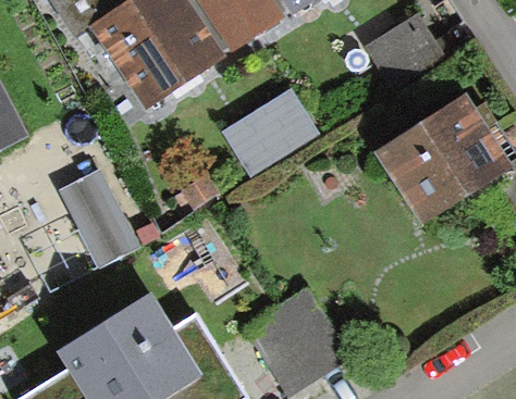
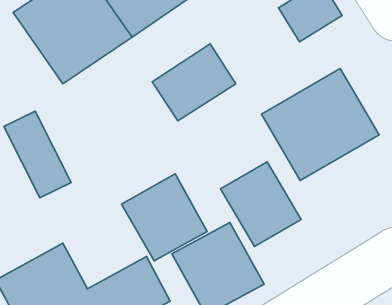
building: none -> [220,162,301,247]
building: none -> [122,174,207,261]

